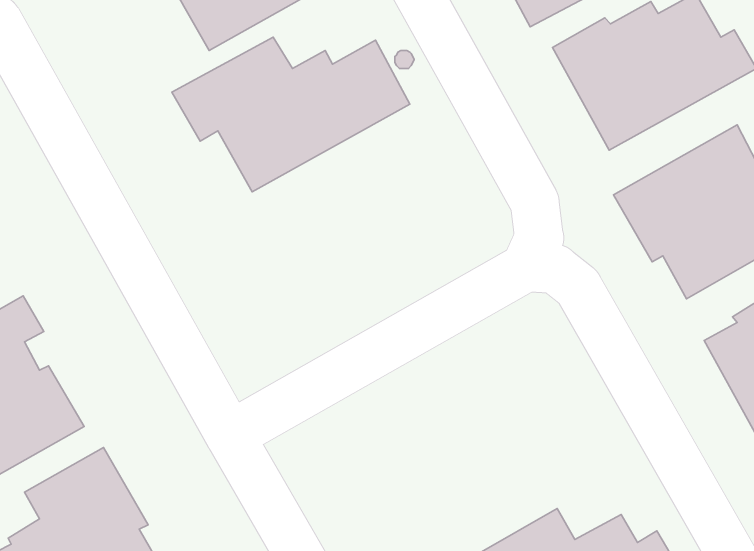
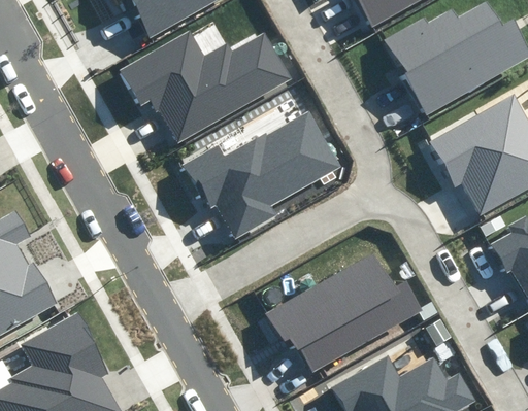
building: none -> [184,108,342,237]
building: none -> [268,253,422,372]

